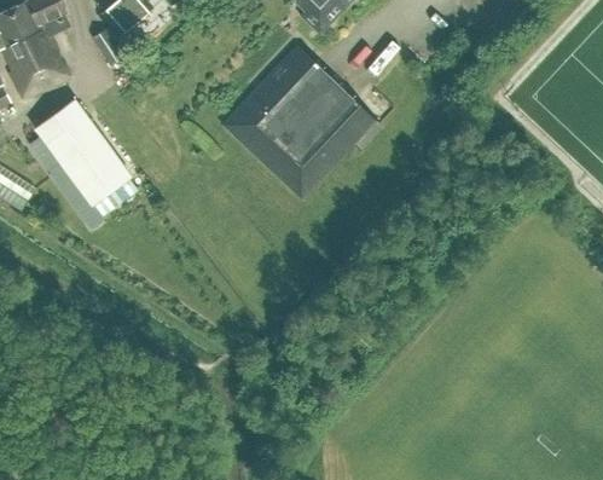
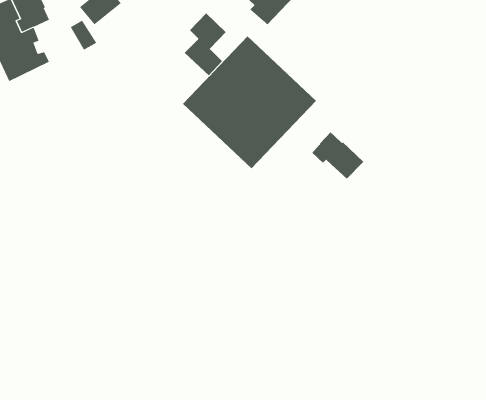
building: none -> [184,13,226,76]
building: [34,97,138,208] -> none
building: none -> [311,132,364,180]

